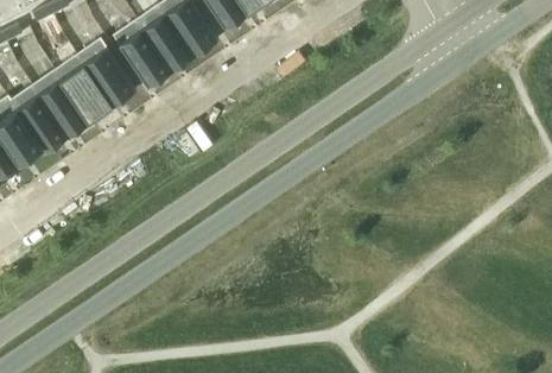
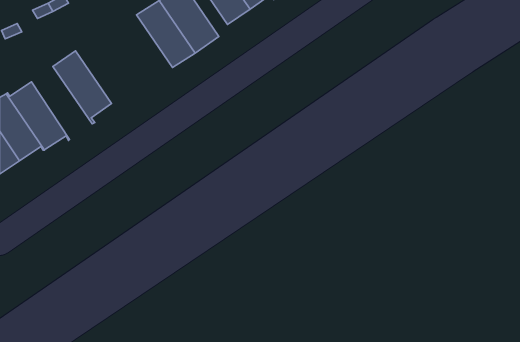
building: [113,18,172,87] -> none
building: [76,37,137,106] -> none
building: [32,69,93,141] -> none

